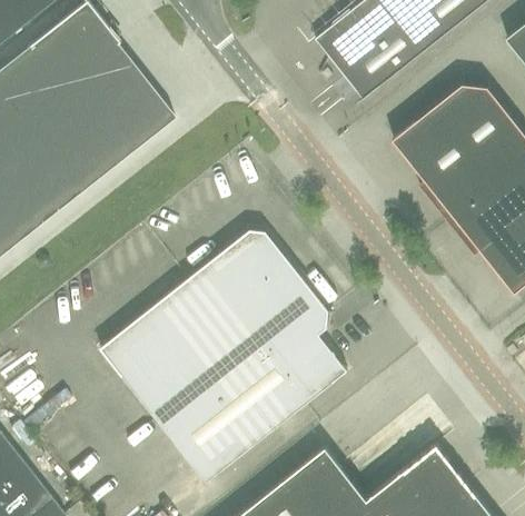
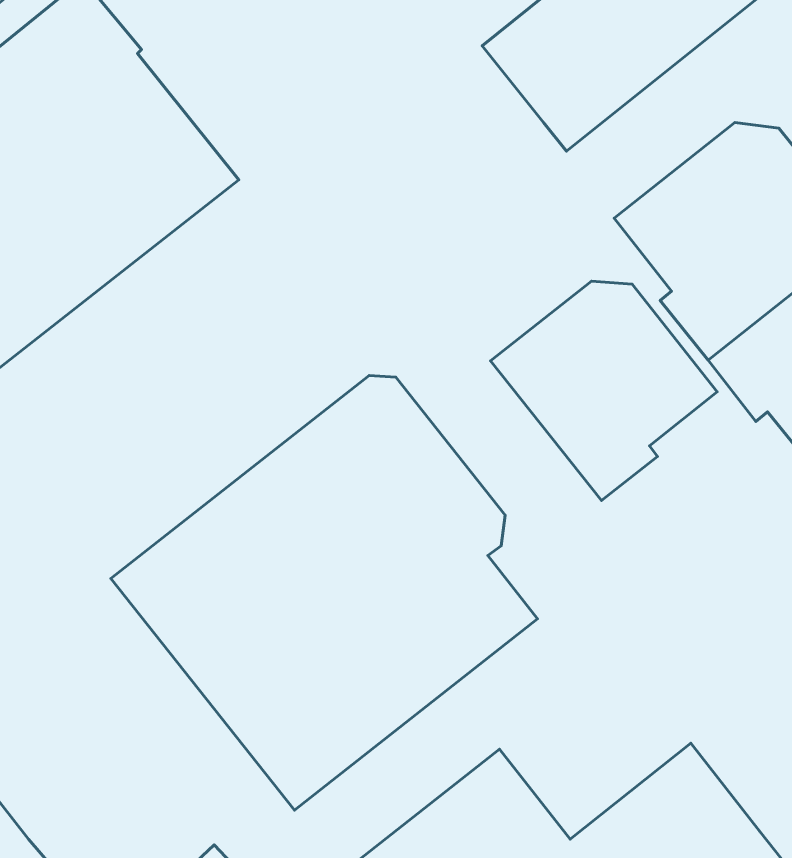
building: none -> [490,281,717,500]

